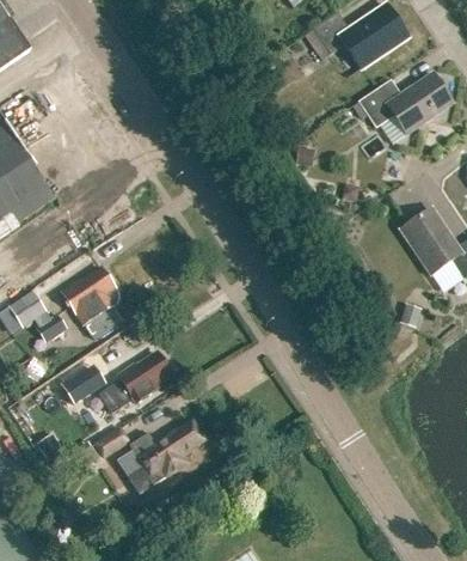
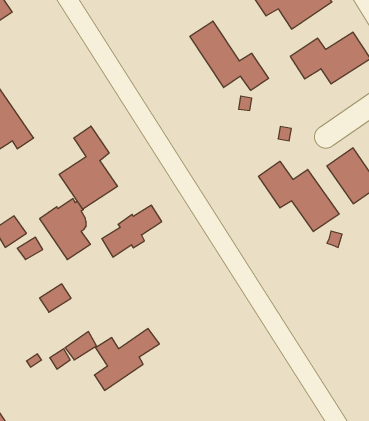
building: none -> [190,21,269,90]
building: none -> [59,126,117,209]
building: none -> [259,161,339,232]
building: [99,353,170,414] -> [102,205,162,257]

